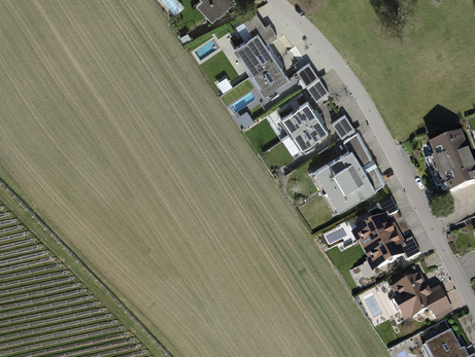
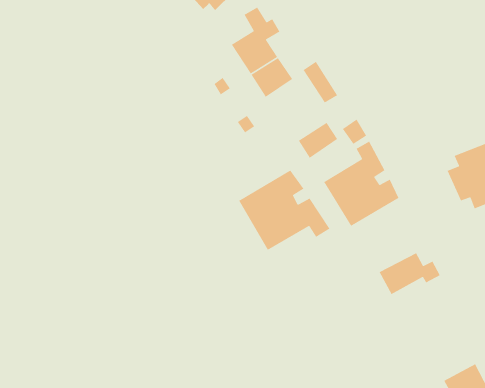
building: [280,100,317,133] -> none
building: none -> [238,169,330,251]
building: [354,198,398,250] -> none
building: [391,276,452,321] -> none

